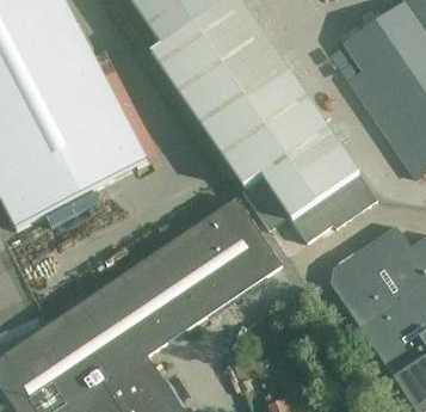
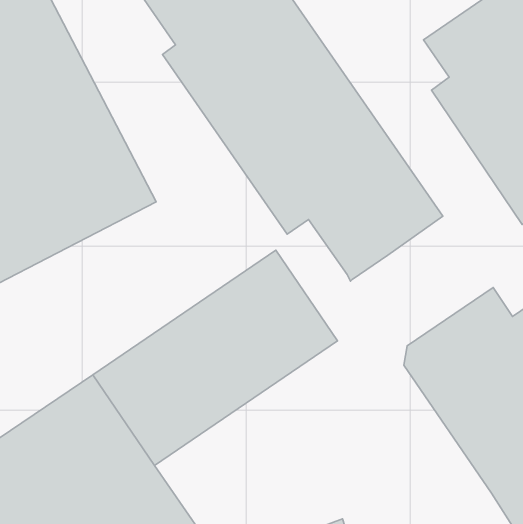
building: [292,172,377,241] -> none

